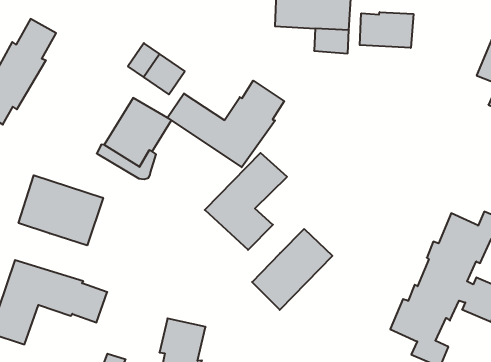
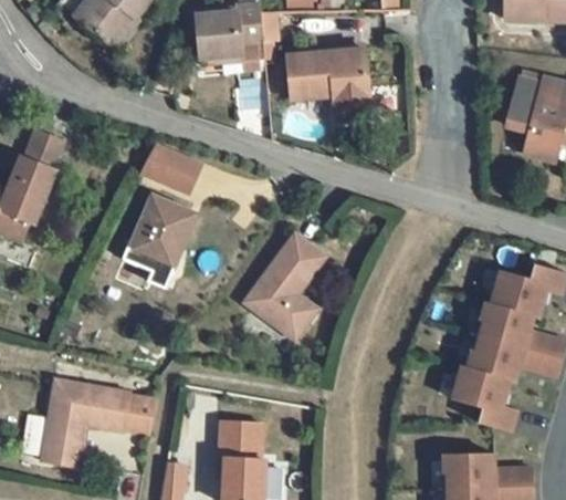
building: [360,12,413,48] -> none
building: [167,81,284,167] -> none
building: [19,175,103,245] -> none
building: [252,229,332,310] -> none

